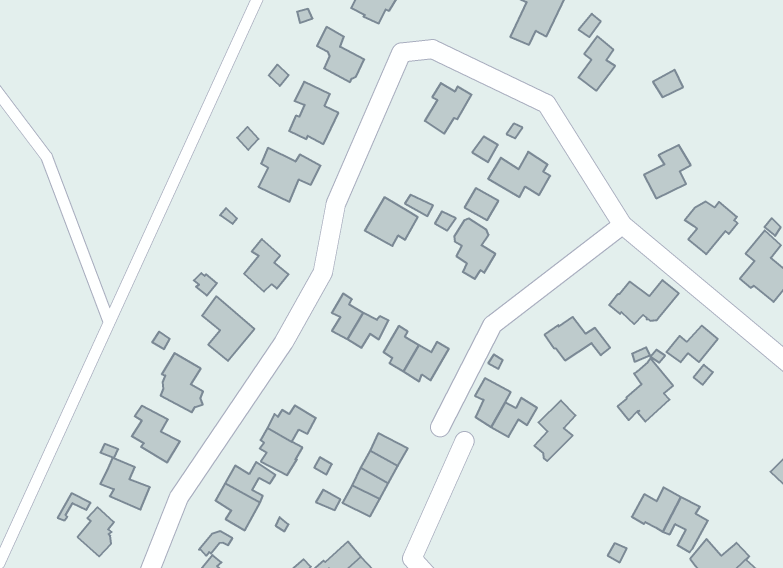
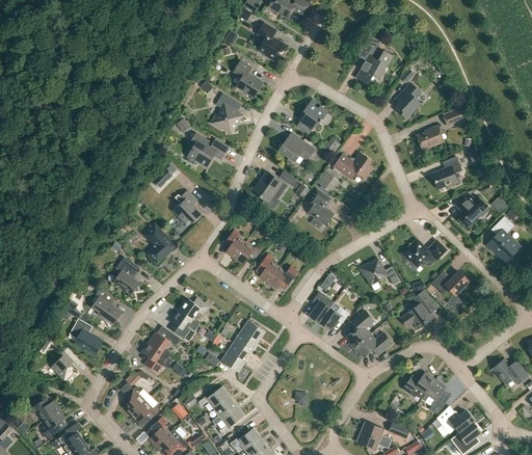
building: none -> [416,125,444,150]
building: none -> [278,138,314,161]
building: none -> [352,331,392,356]

